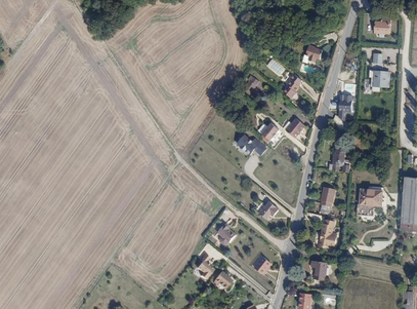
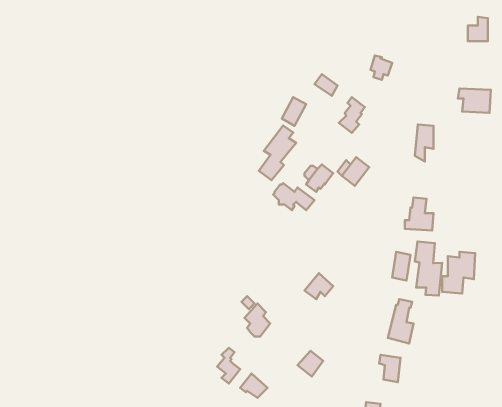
building: none -> [259,126,296,180]
building: none -> [415,242,442,296]

